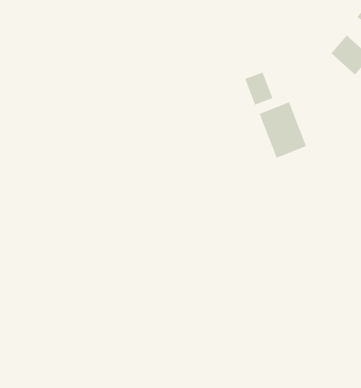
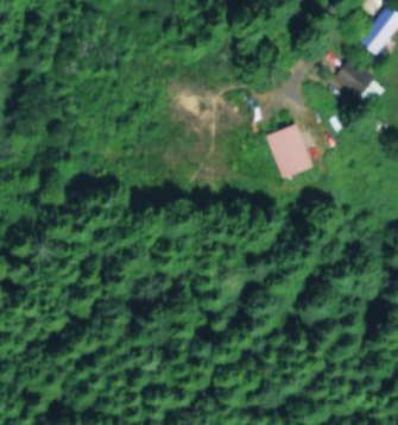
building: [245,72,273,105] -> none

